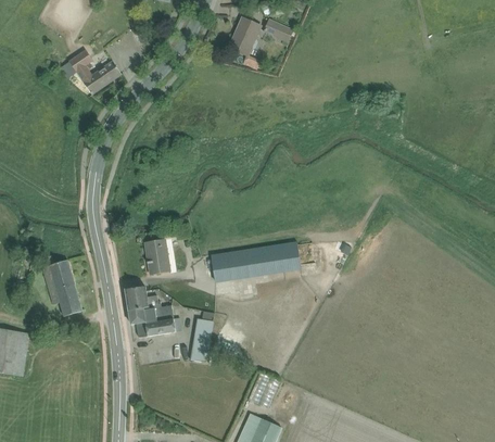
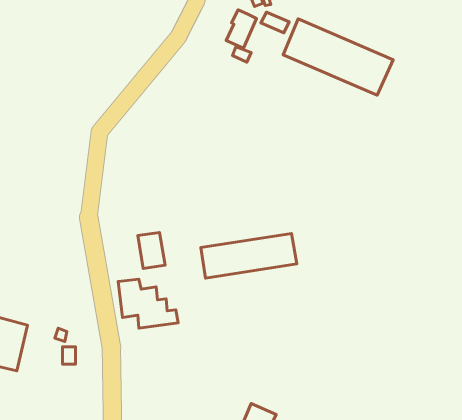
building: none -> [283,19,393,95]
building: [69,50,120,94] -> none
building: [45,258,81,317] -> none
building: [192,316,213,357] -> none

